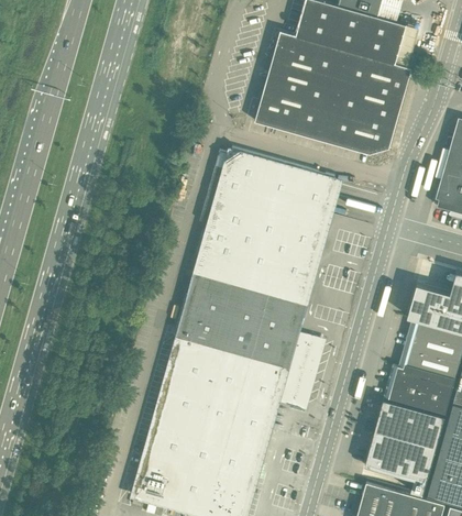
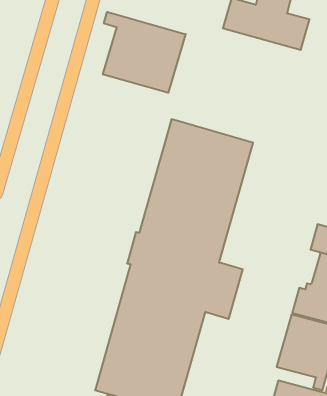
building: none -> [103,12,186,93]
building: [256,32,413,154] -> none

